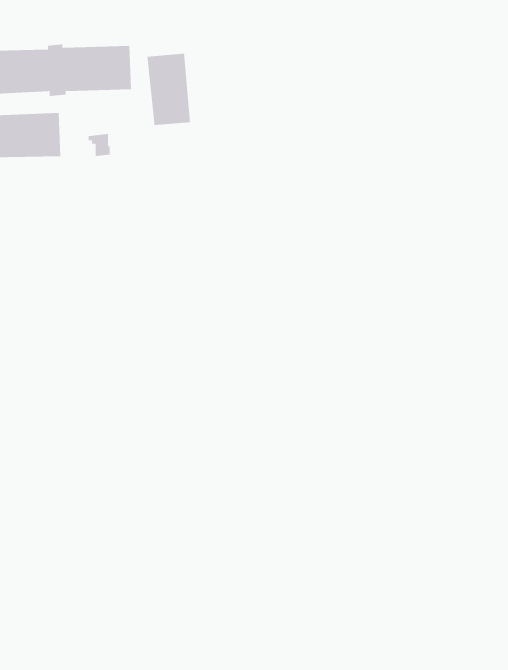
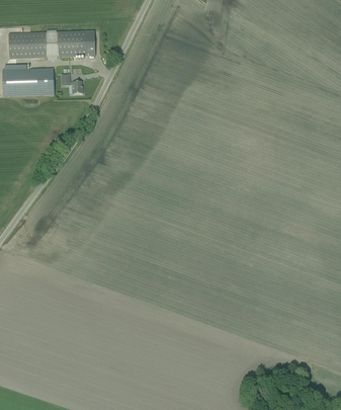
building: [147,53,190,126] -> none

